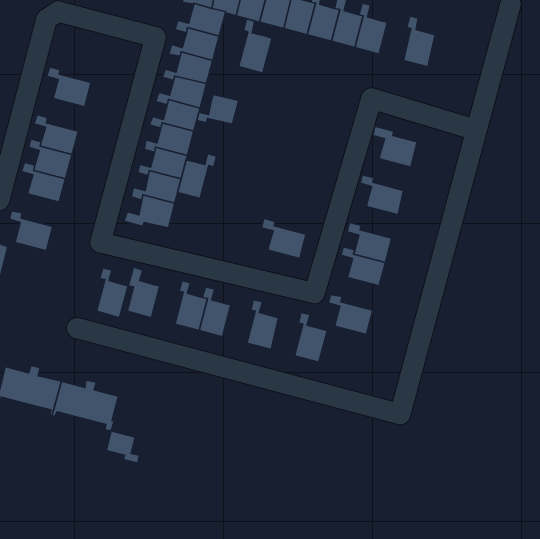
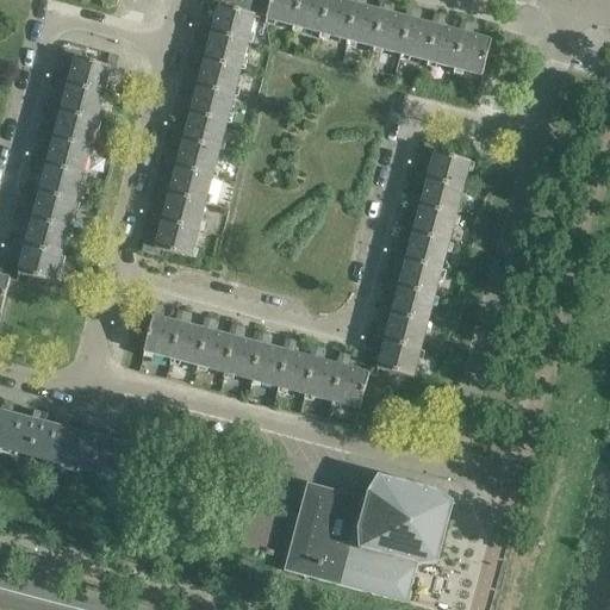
building: none -> [427,11,462,68]
building: [239,19,272,73] -> none
building: none -> [61,48,110,93]
building: none -> [46,102,95,148]
building: [197,95,239,124] -> none
building: none -> [412,169,462,214]
building: [178,153,216,198] -> none
building: none -> [18,210,67,255]
building: none -> [398,223,448,268]
building: [262,218,306,259] -> [376,304,427,349]
building: [96,268,128,318] -> [170,309,206,365]
building: none -> [250,330,287,386]
building: none -> [305,344,341,400]
building: none -> [284,474,453,602]
building: [106,431,139,463] -> none

